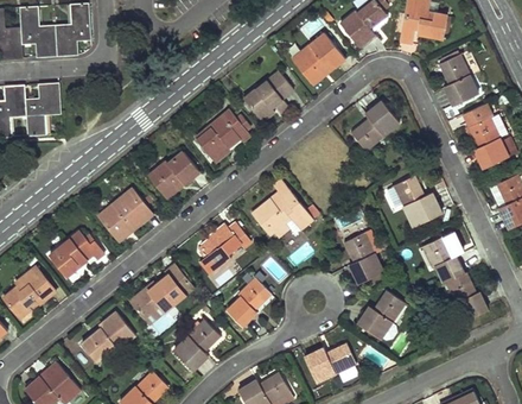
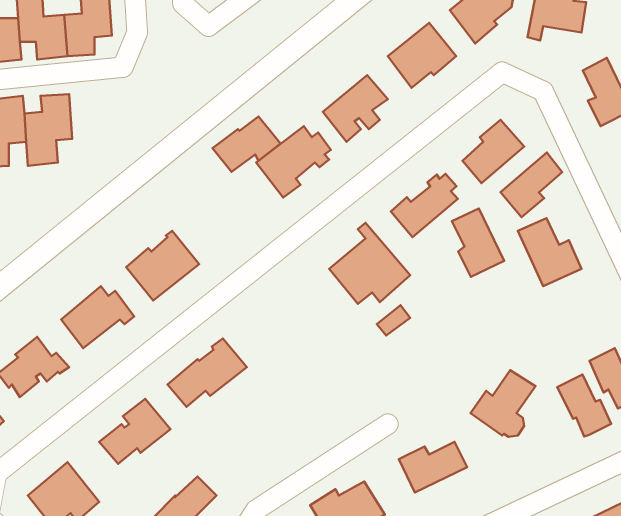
building: none -> [501,153,562,217]
building: none -> [391,174,458,237]
building: [151,150,202,191] -> [212,116,281,172]
building: [199,223,250,276] -> none
building: [343,234,382,285] -> [452,209,504,277]
building: [422,239,463,285] -> [557,375,611,436]
building: [225,279,268,326] -> none
building: [173,321,218,371] -> none

